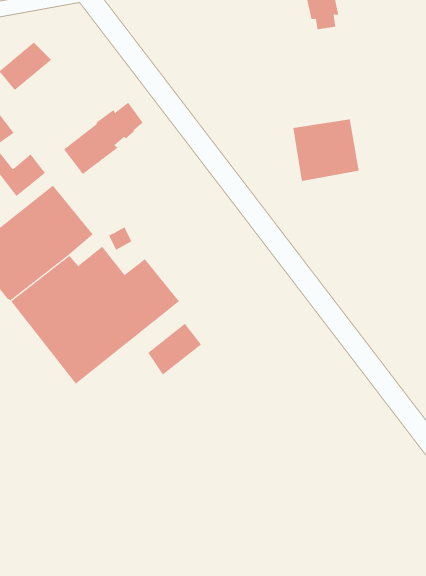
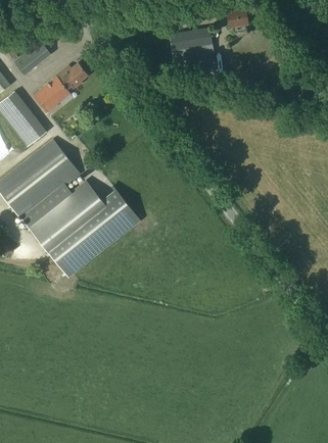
building: [63,102,144,175] -> [34,61,89,111]
building: [292,119,359,181] -> [171,28,217,70]
building: [147,323,202,376] -> none

